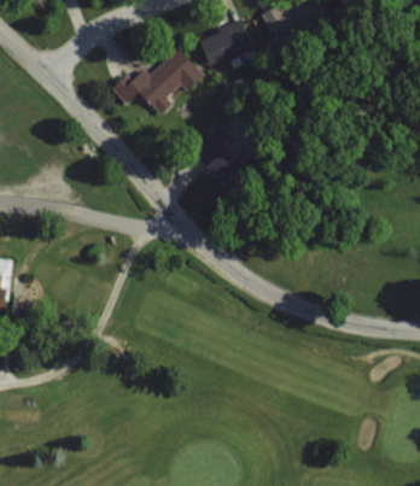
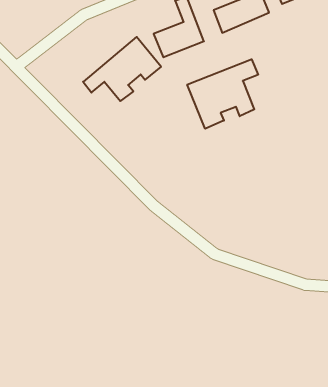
building: none -> [187,59,258,129]

